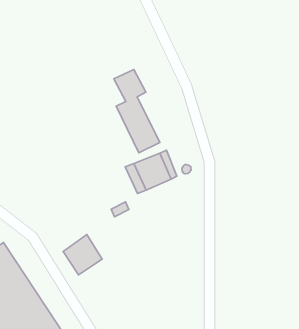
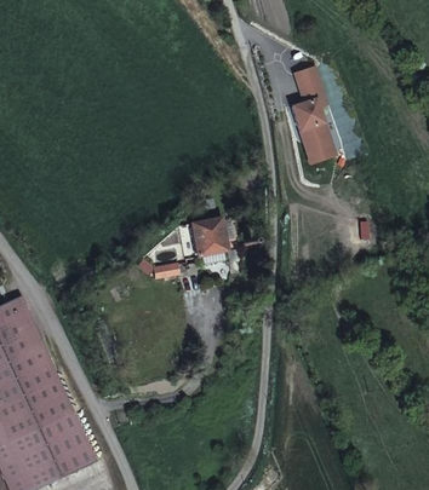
building: [114,69,160,153] -> [292,64,337,163]
building: [63,235,102,275] -> none

